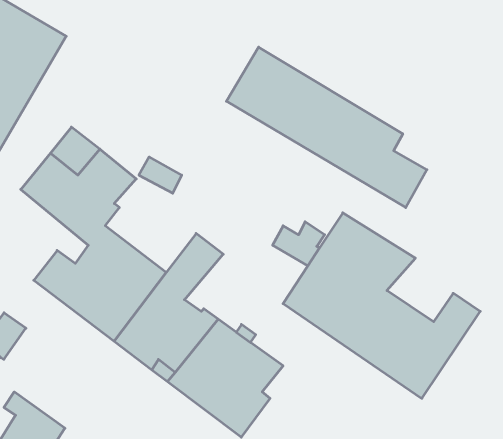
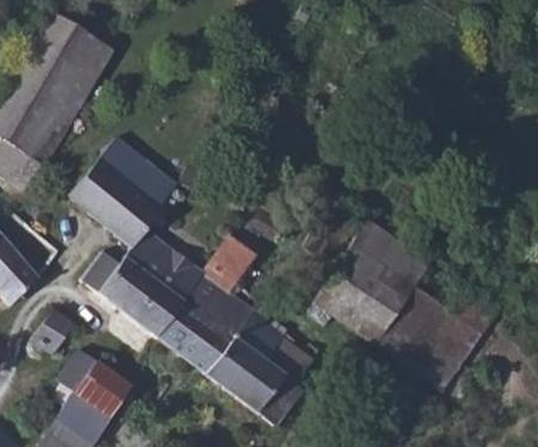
building: [226,47,427,208] -> none
building: none -> [57,348,126,417]

